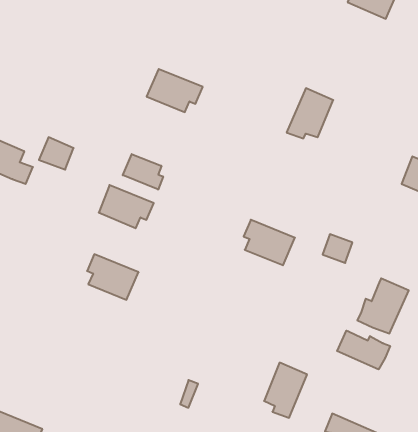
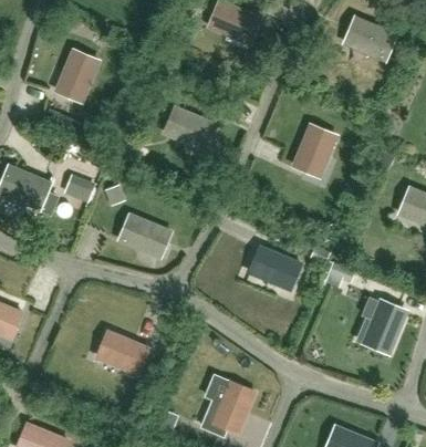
building: none -> [58,50,98,102]
building: [123,154,163,190] -> none
building: [87,254,139,300] -> [100,332,147,374]
building: [337,331,390,369] -> none
building: [264,363,307,418] -> [214,382,253,433]

